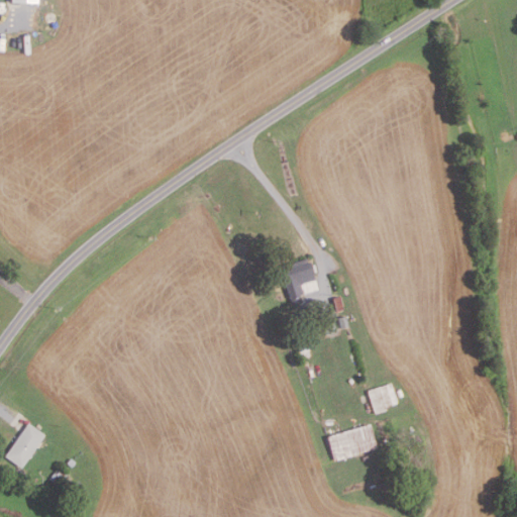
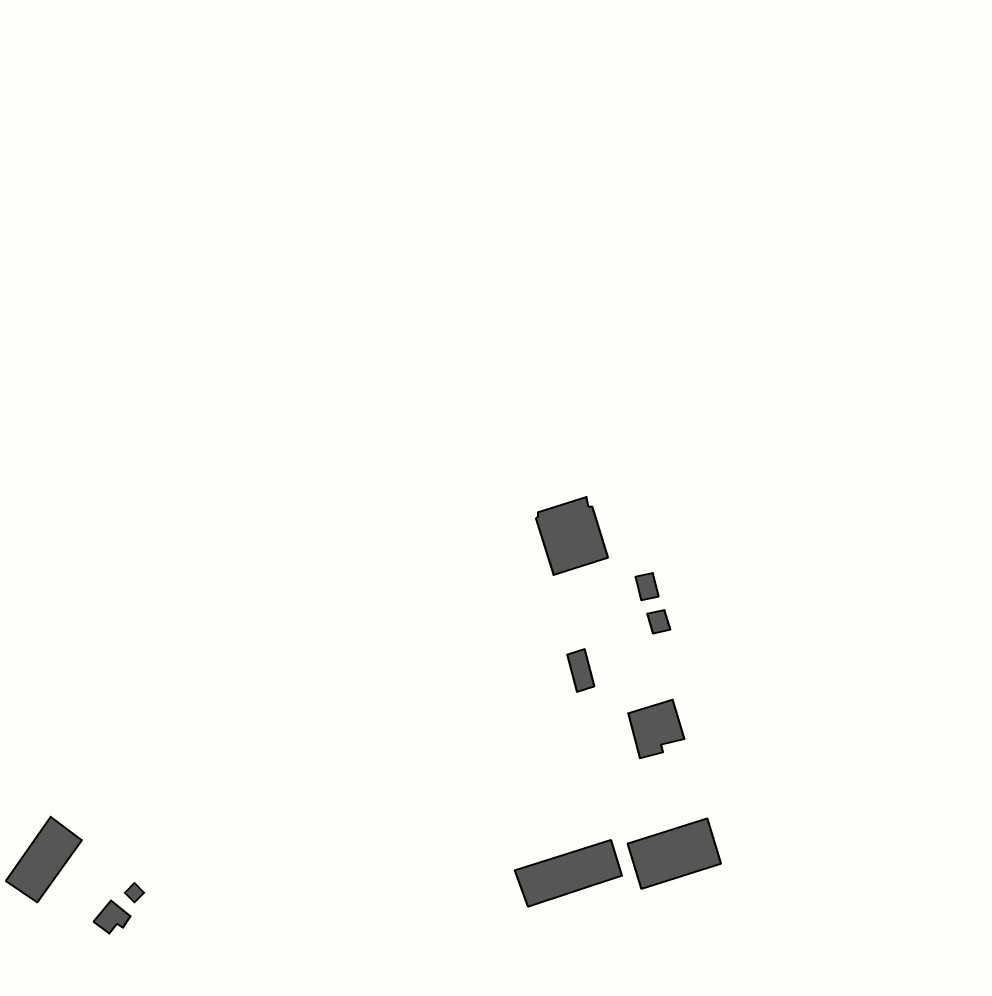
building: [369,384,398,414] -> [628,700,685,758]
building: none -> [515,840,622,907]

